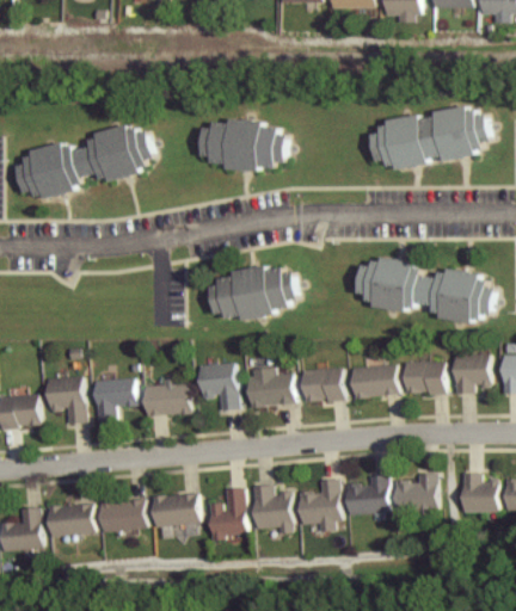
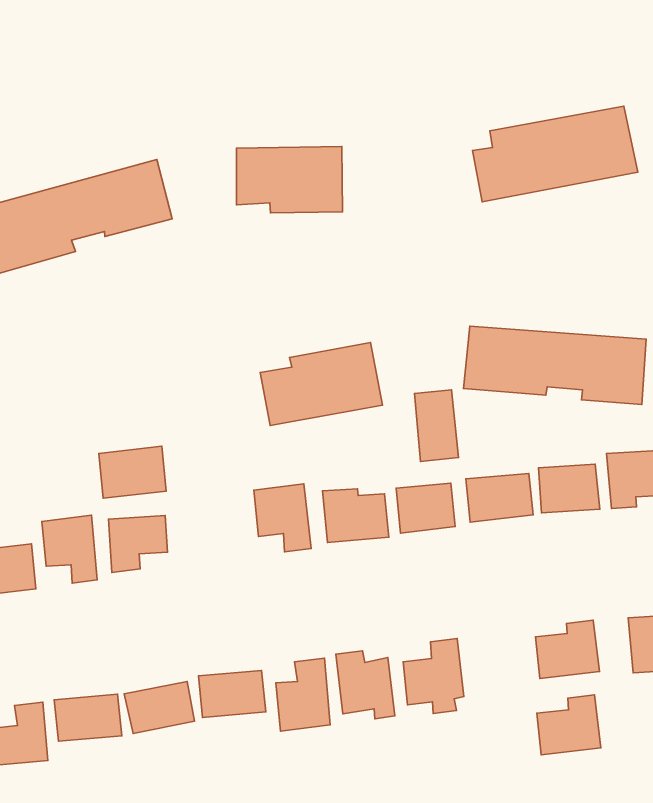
building: none -> [415,390,459,461]
building: [143,382,190,416] -> [99,446,166,498]
building: [345,475,389,516] -> [537,695,601,755]

